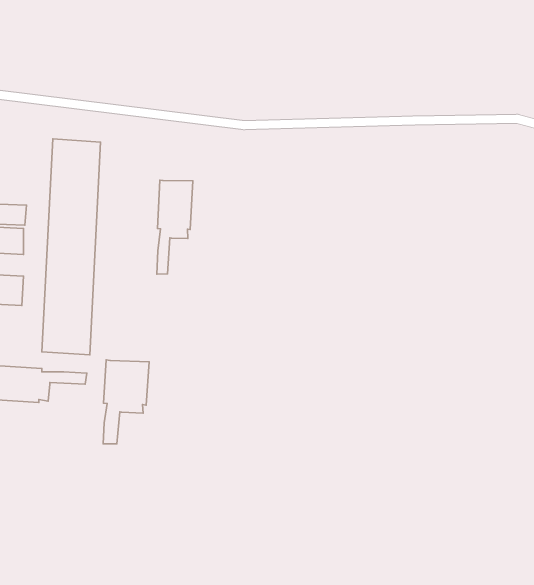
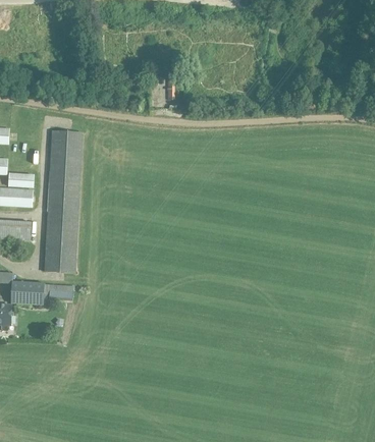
building: [157,180,193,274] -> none
building: [103,360,149,444] -> none

